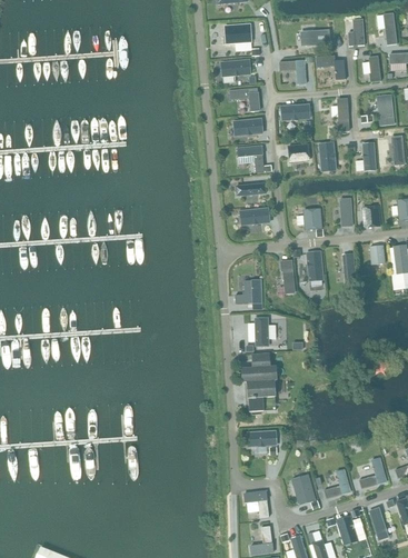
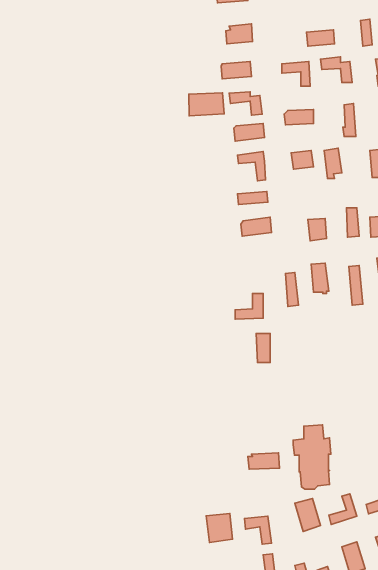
building: none -> [189,93,224,116]
building: [241,352,277,413] -> [293,425,331,489]
building: none -> [206,513,233,542]

